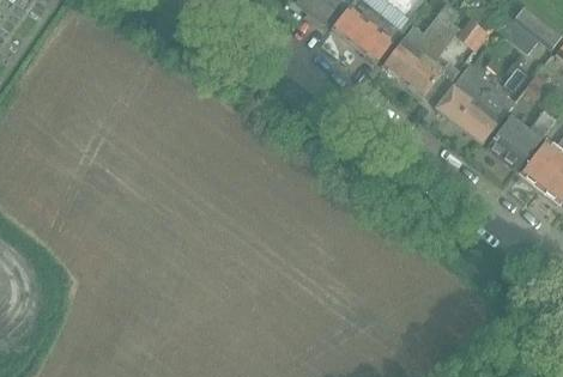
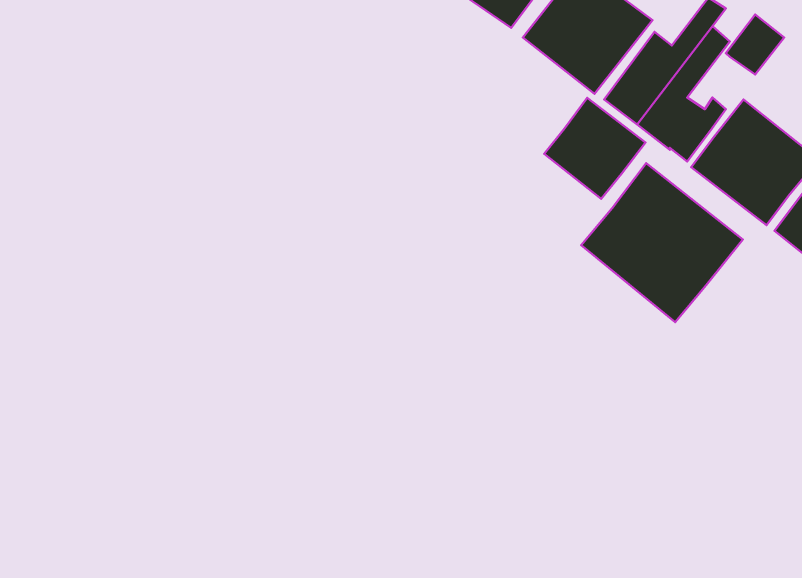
building: none -> [544,98,646,199]
building: none -> [581,163,743,322]

